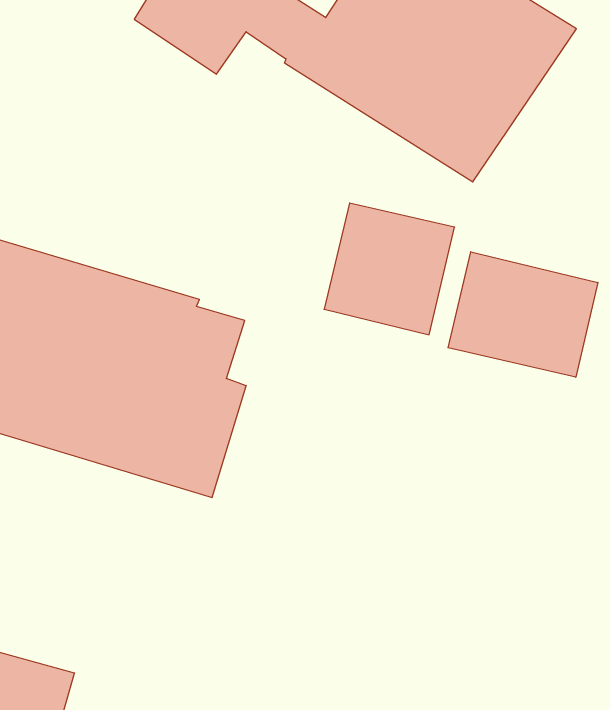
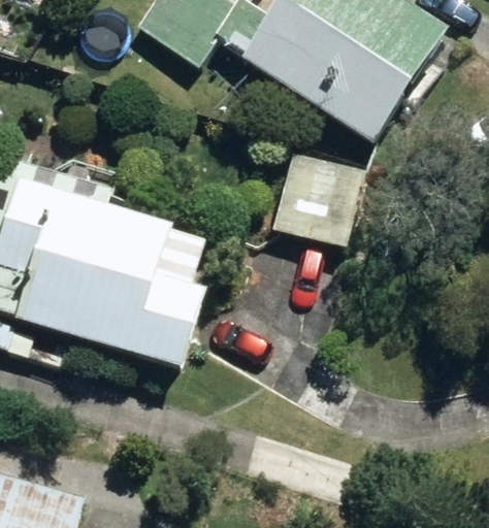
building: [448,252,598,377] -> none

